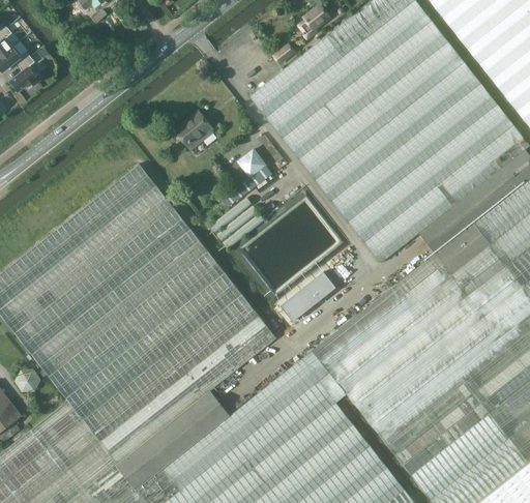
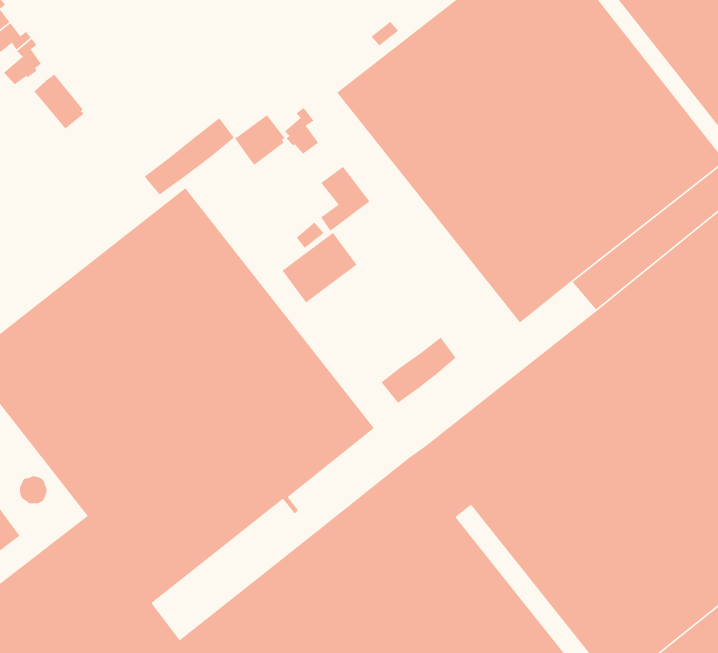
building: none -> [33,73,85,130]
building: none -> [284,107,319,154]
building: none -> [143,117,235,196]
building: [116,390,230,491] -> none

